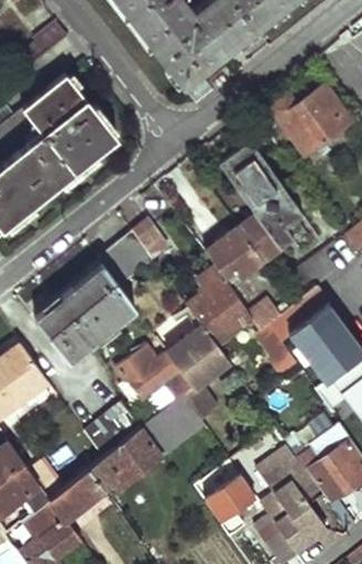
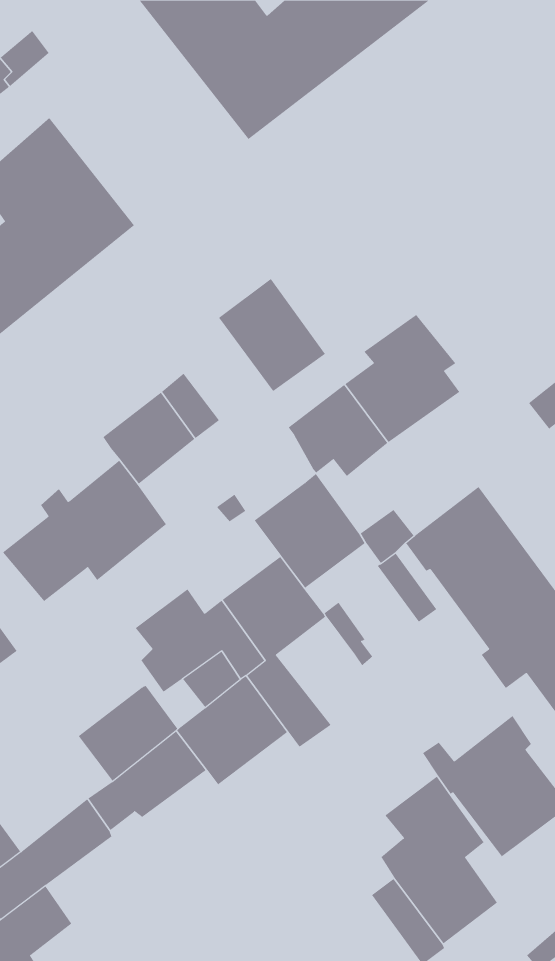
building: [251,84,347,154] -> none
building: [218,142,281,208] -> [218,278,326,392]
building: [196,475,254,536] -> none

